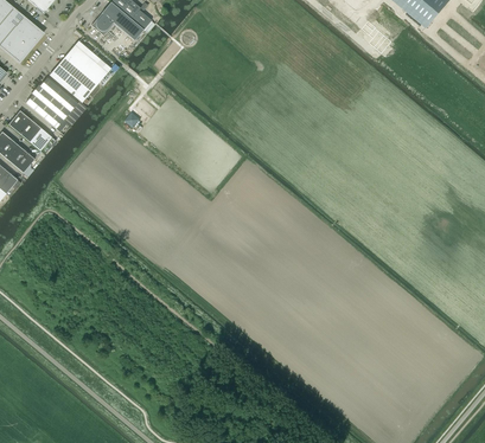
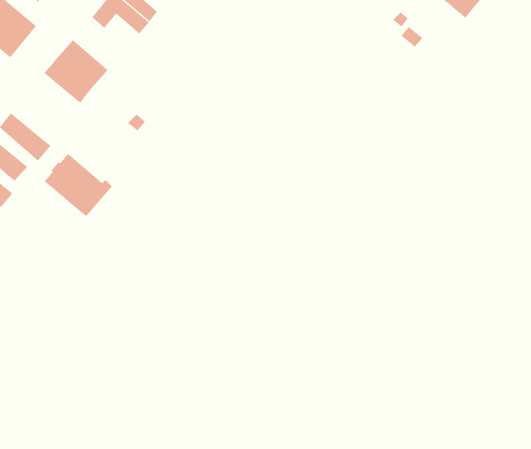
building: [25,77,87,134] -> [44,153,113,217]

